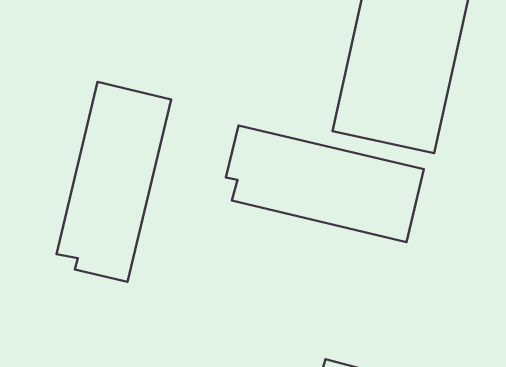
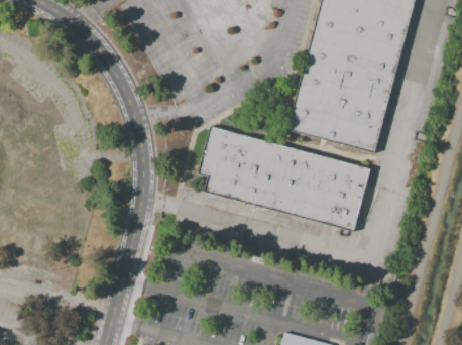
building: [57,82,171,282] -> none

